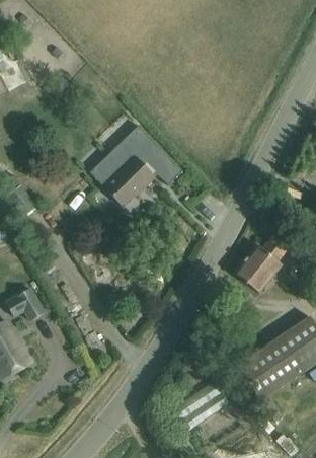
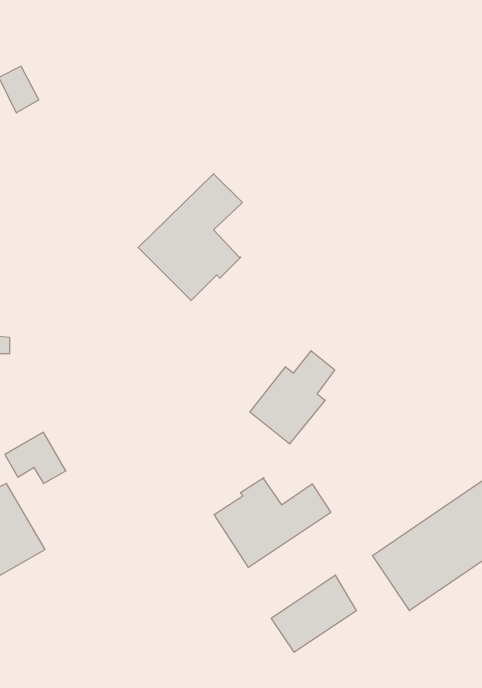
building: [137,143,182,184] -> none
building: [234,233,288,292] -> [250,351,335,444]
building: none -> [214,478,331,567]

